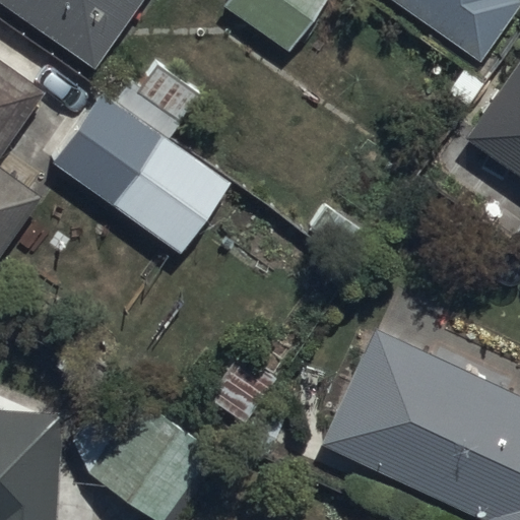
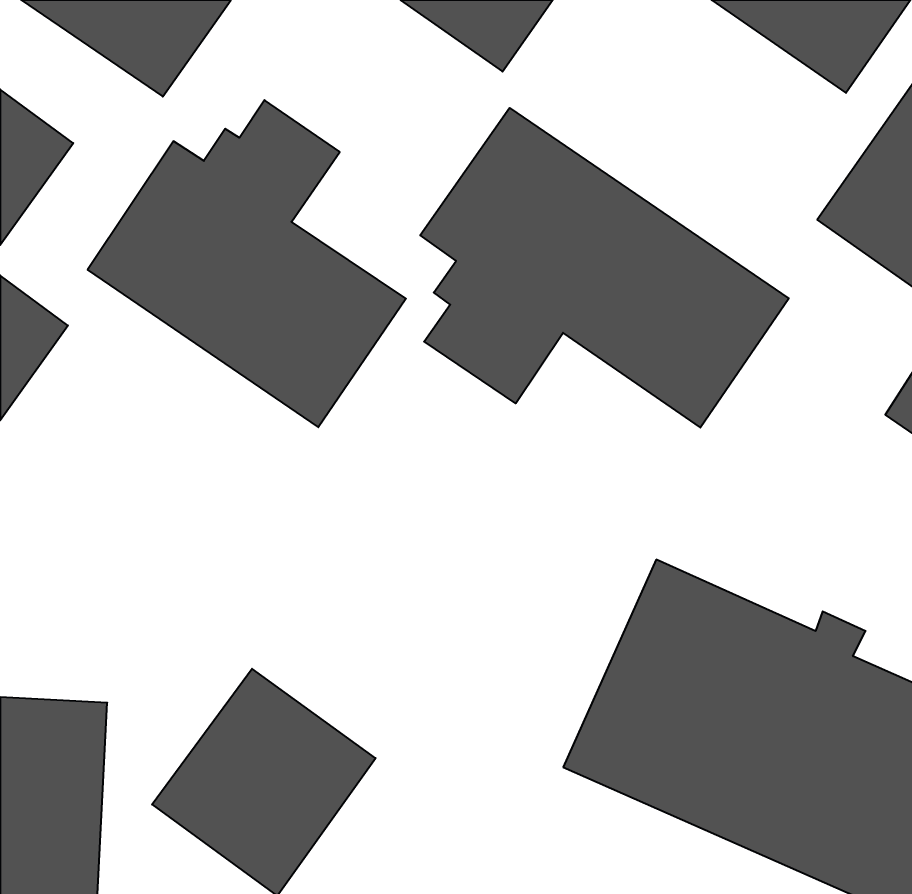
building: none -> [420,108,789,428]

